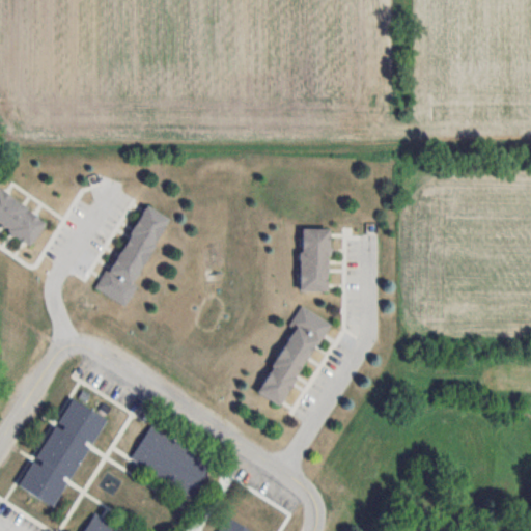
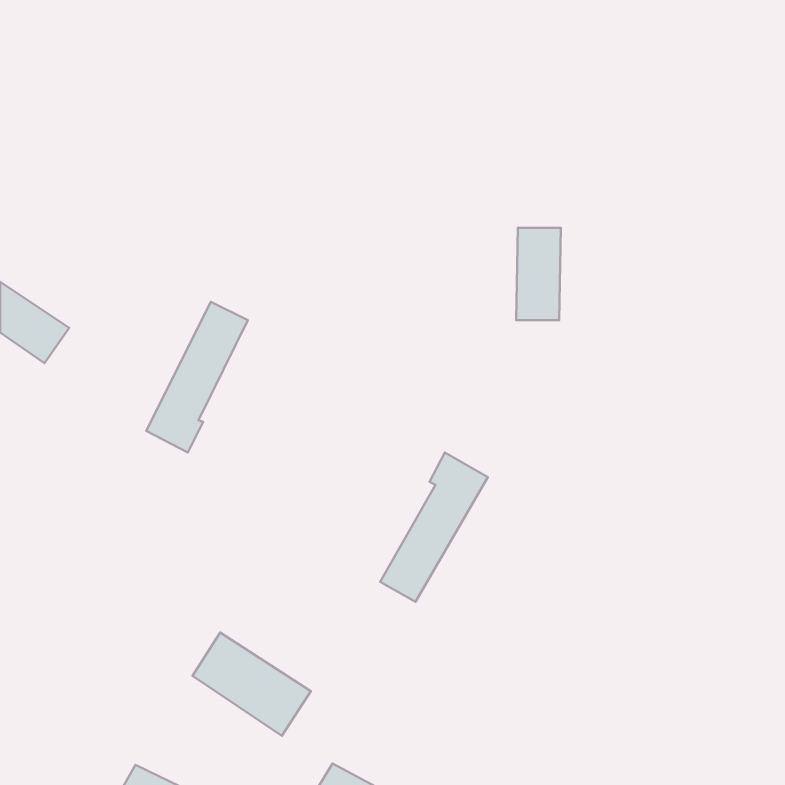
building: [300,228,330,290] -> [516,228,561,320]
building: [22,397,102,506] -> none

